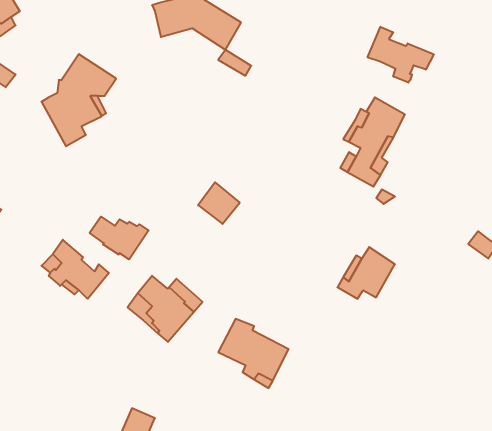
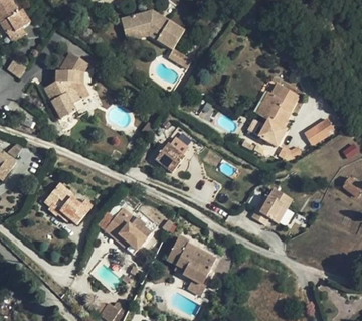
building: [368,27,434,83] -> none
building: none -> [308,121,337,148]
building: [90,217,149,259] -> none

